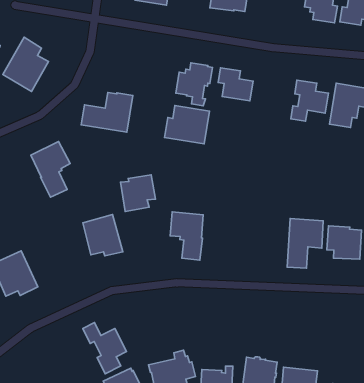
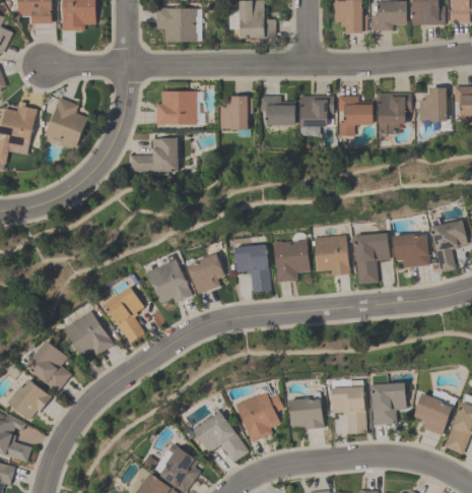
building: none -> [299,96,332,134]
building: [165,105,209,144] -> [155,90,196,124]
building: [31,141,70,197] -> [104,286,145,343]
building: [121,175,156,211] -> [188,253,225,294]
building: none -> [274,232,310,282]
building: none -> [315,234,350,275]
building: [83,323,126,374] -> none

